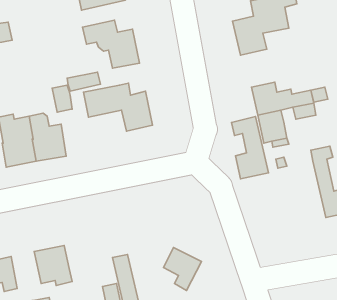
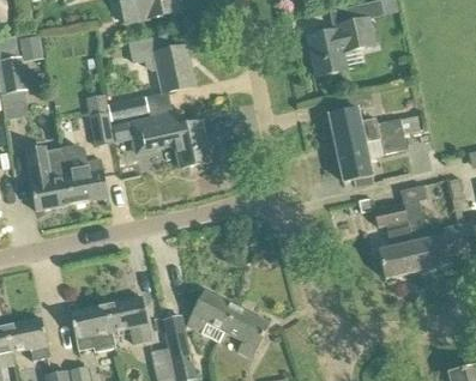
building: [231,117,268,179] -> [374,204,418,278]
building: none -> [186,290,236,332]
building: none -> [106,297,151,344]

